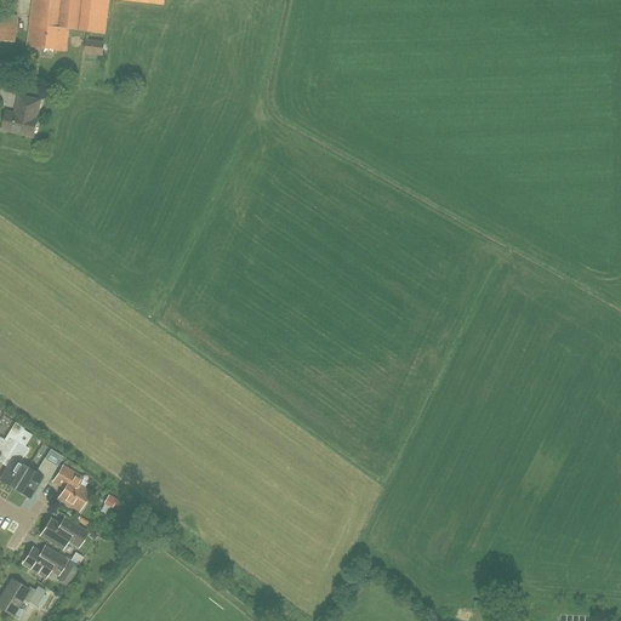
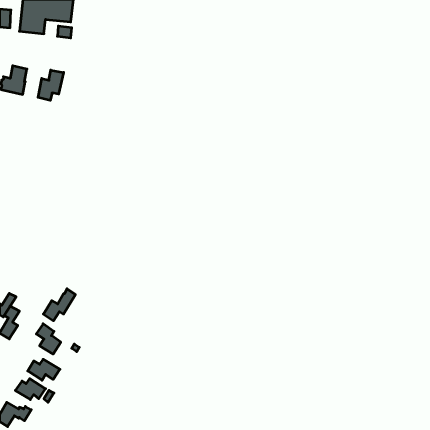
building: none -> [38,70,64,100]
building: [13,451,59,497] -> [43,289,75,321]

